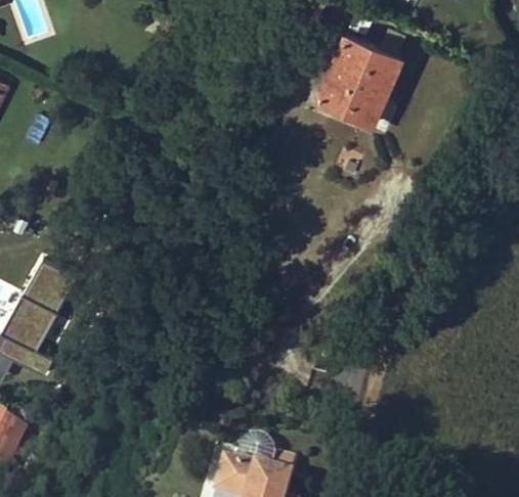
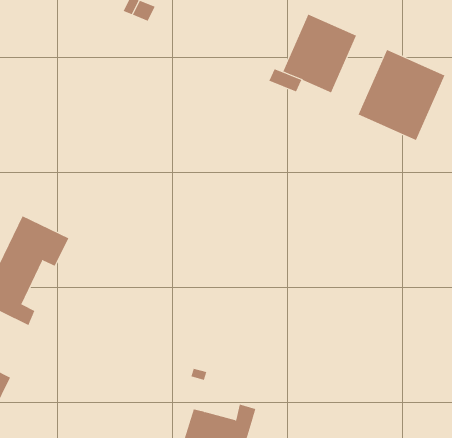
building: none -> [358,49,445,141]
building: [235,442,274,476] -> none

